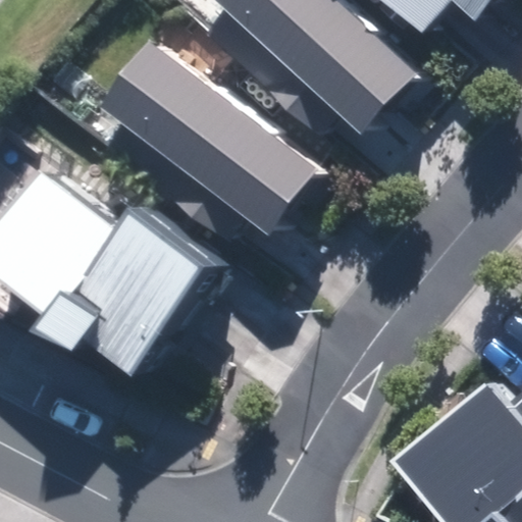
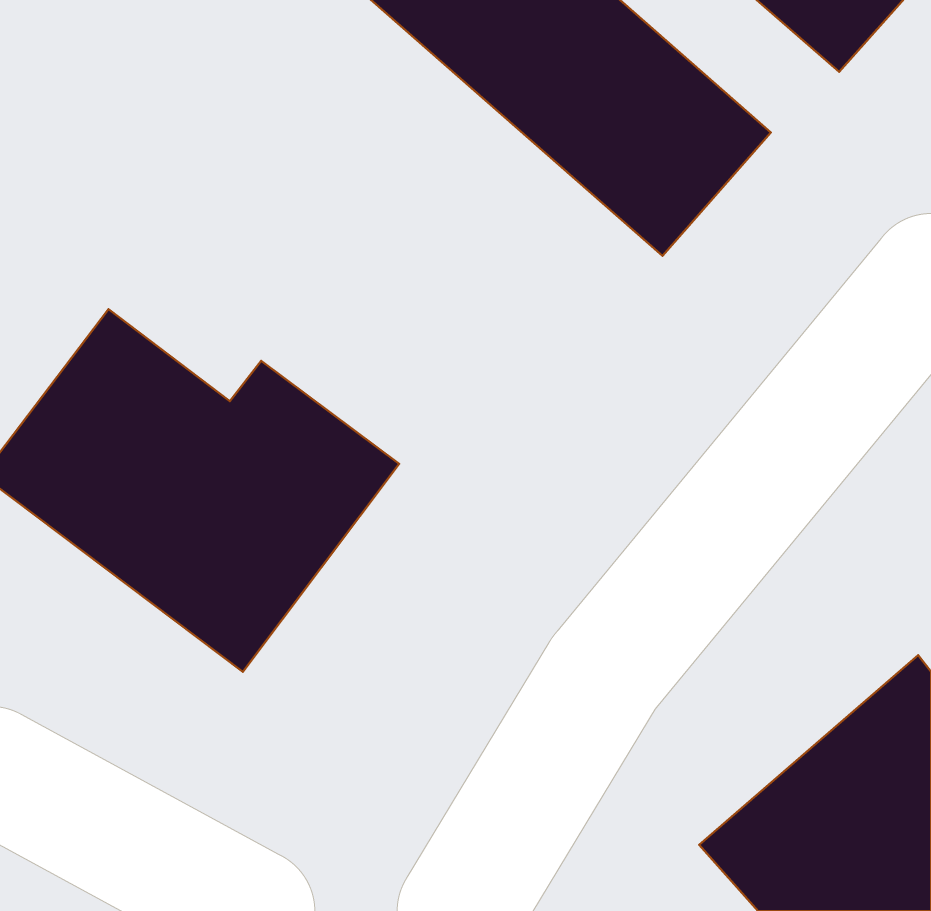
building: [100,44,323,245] -> none

